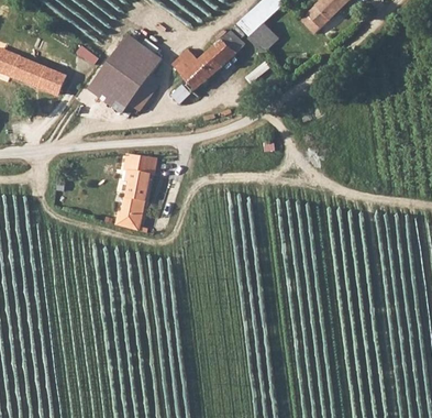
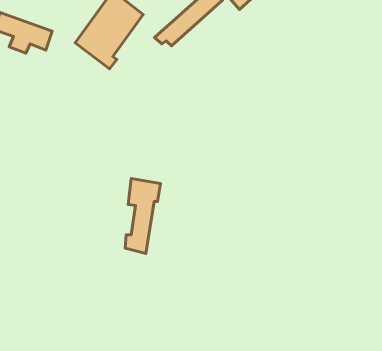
building: [118,152,155,231] -> [125,178,161,254]

